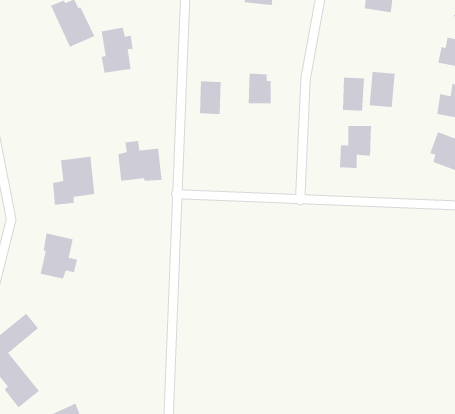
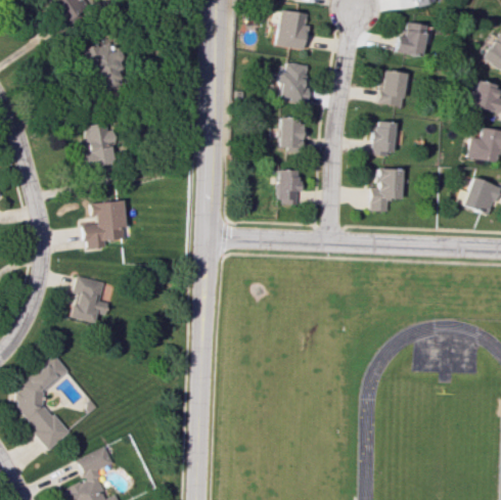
building: none -> [279,62,311,103]
building: [101,27,134,73] -> [83,122,116,168]
building: [369,72,396,107] -> [380,71,407,106]
building: [199,81,222,115] -> [279,170,302,203]
building: [118,140,162,182] -> none

